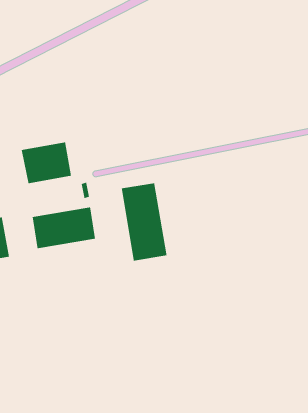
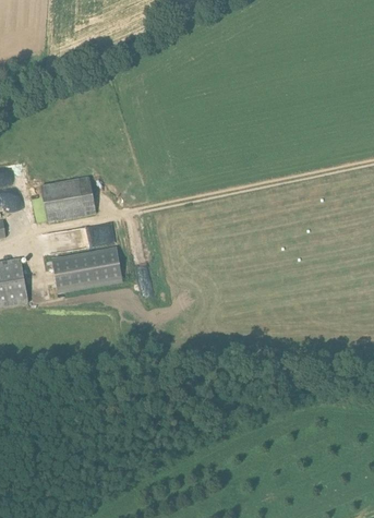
building: [121,182,167,262] -> none

